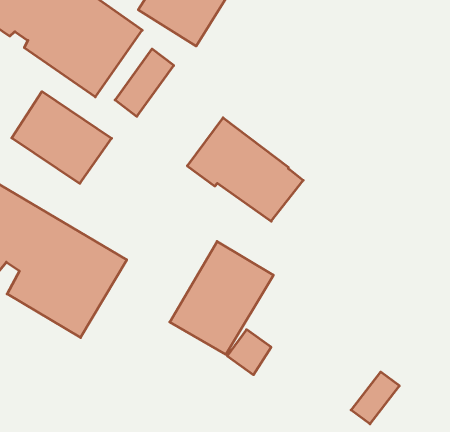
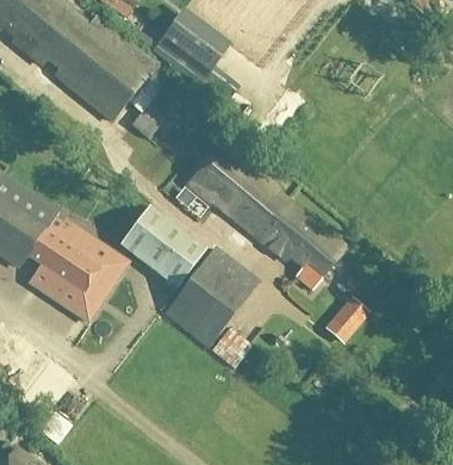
building: [12,92,112,183] -> [118,206,204,287]
building: none -> [256,203,342,289]
building: [351,372,399,424] -> [323,294,366,339]

